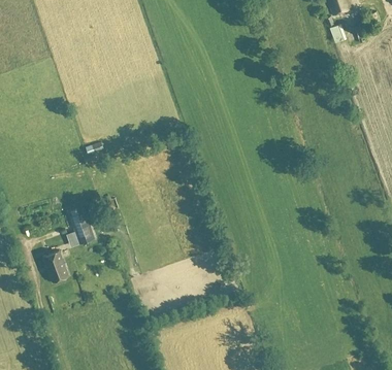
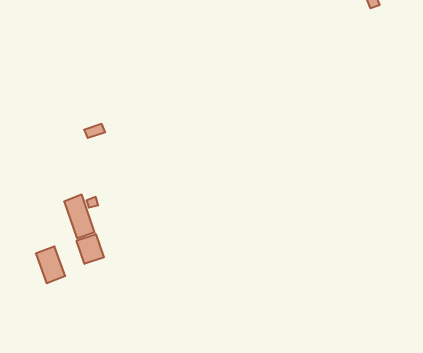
building: none -> [77,234,104,264]

